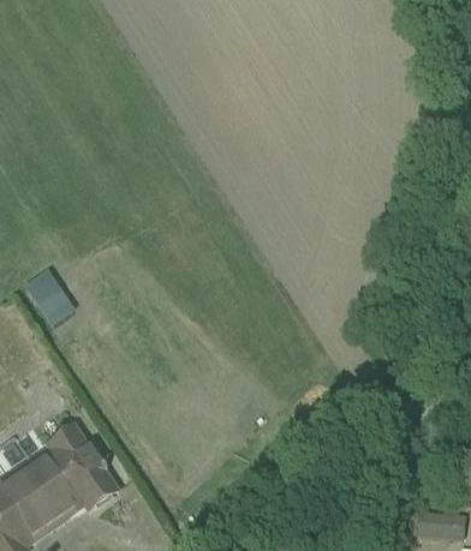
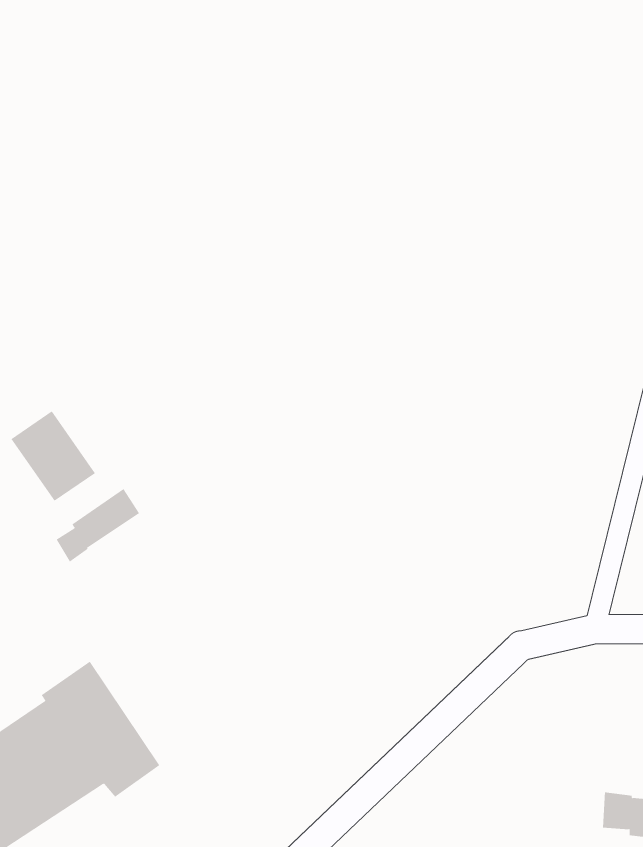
building: none -> [56,488,140,563]

